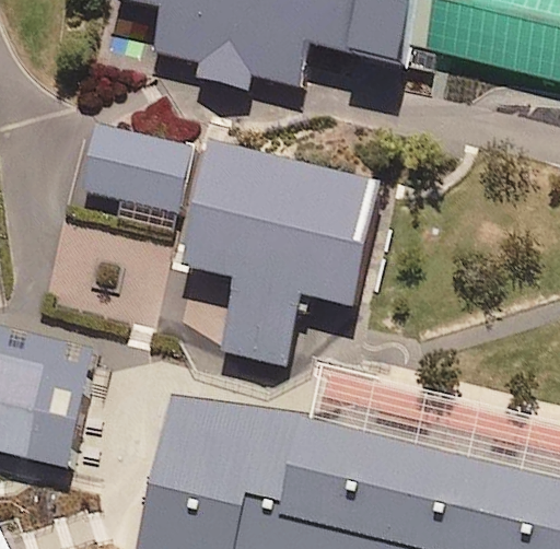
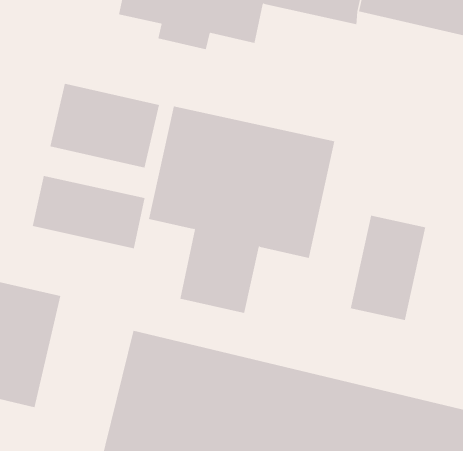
building: none -> [32,175,145,249]
building: none -> [350,215,426,321]

